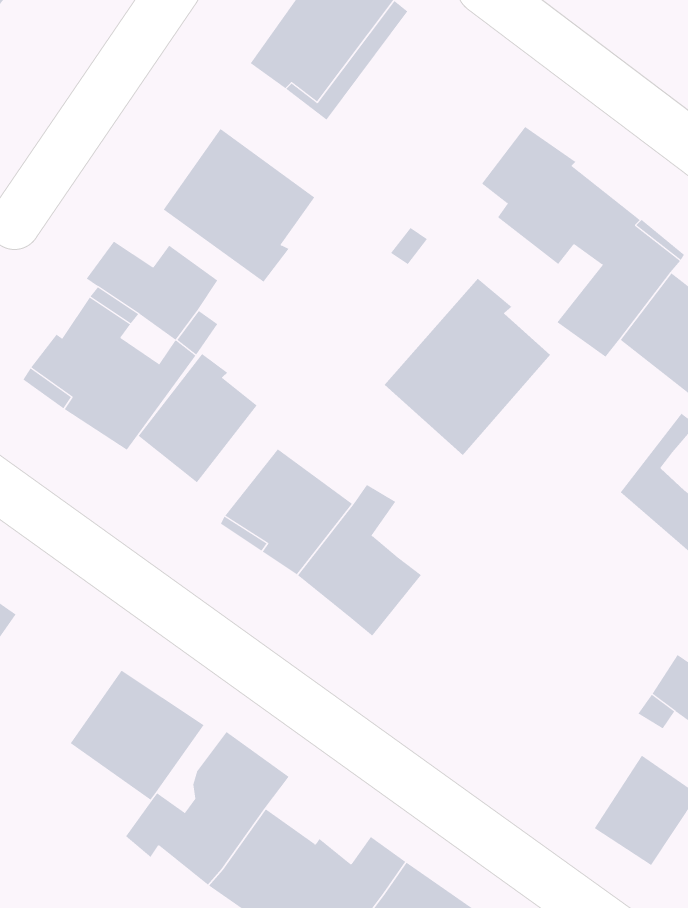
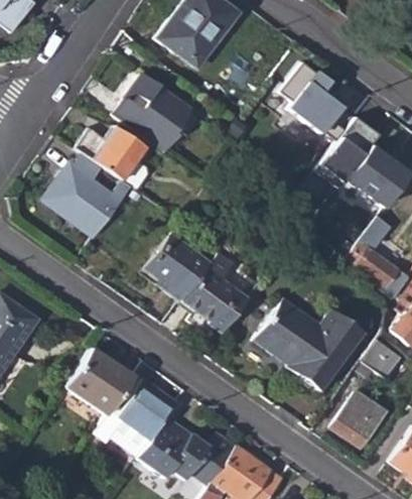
building: [384,278,551,456] -> none
building: [138,353,257,483] -> none
building: none -> [253,298,361,389]

